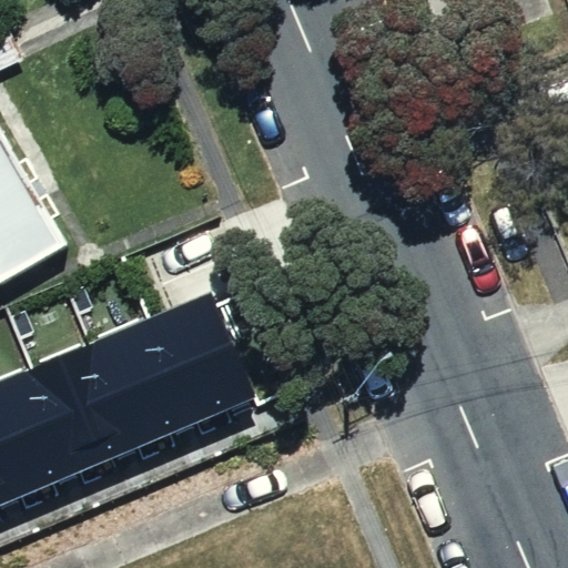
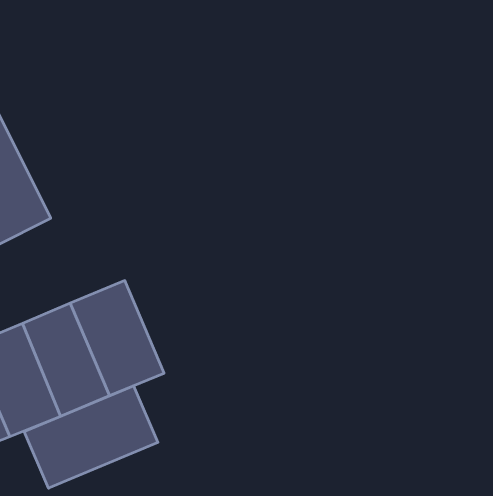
building: [142,295,250,427] -> none
building: none -> [24,386,158,488]

